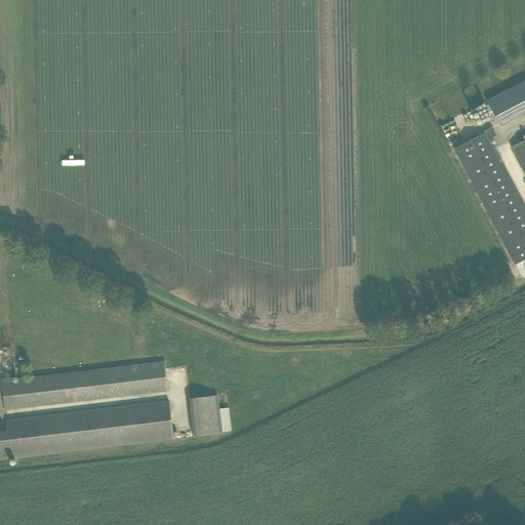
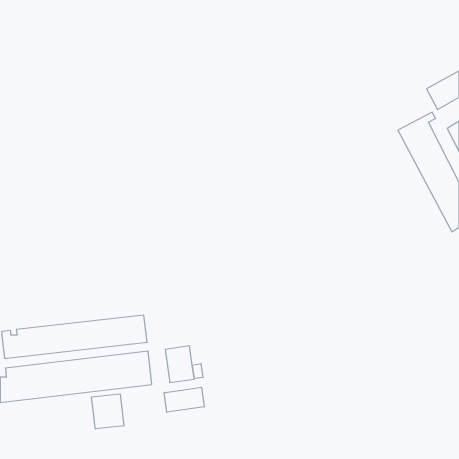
building: none -> [164,387,204,412]
building: none -> [92,394,124,429]

